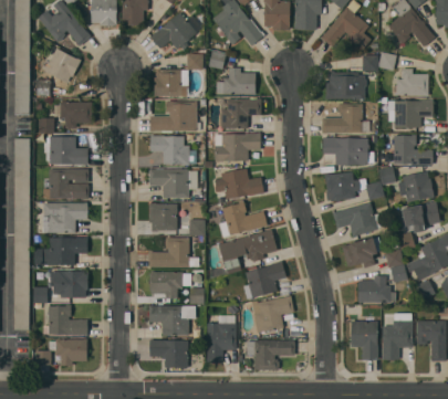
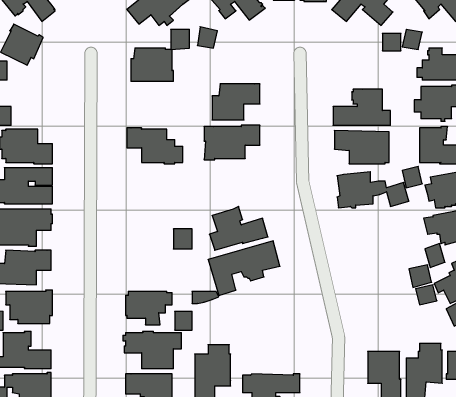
building: [216,67,254,94] -> none
building: [324,71,365,99] -> none
building: [59,99,92,128] -> none
building: [149,101,196,132] -> none
building: [213,168,263,199] -> none
building: [148,169,197,198] -> none
building: [332,202,381,235] -> none
building: [148,203,177,231] -> none
building: [148,237,198,267] -> none
building: [341,237,382,267] -> none
building: [242,261,285,297] -> none
building: [357,275,395,302] -> none
building: [250,295,293,333] -> none

